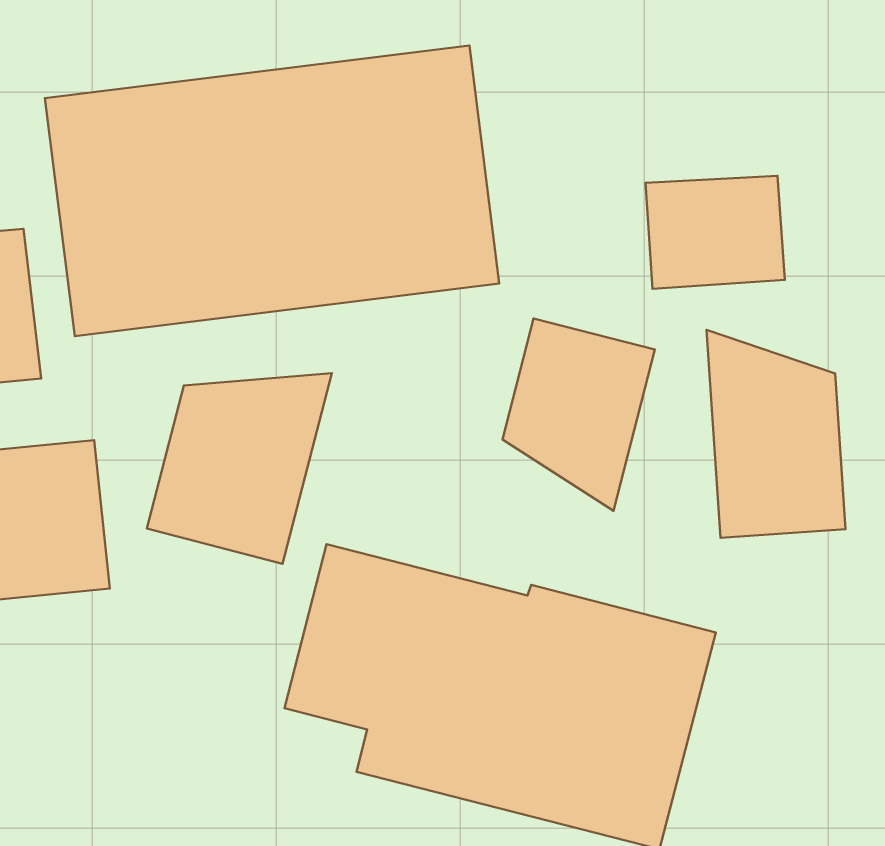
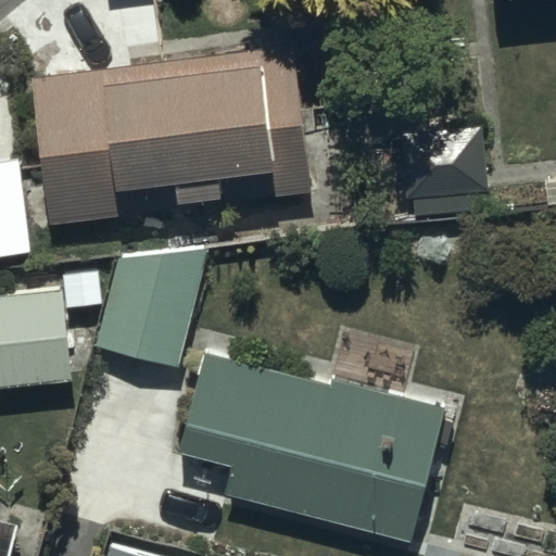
building: [503,318,655,511] -> none
building: [706,330,845,538] -> none

